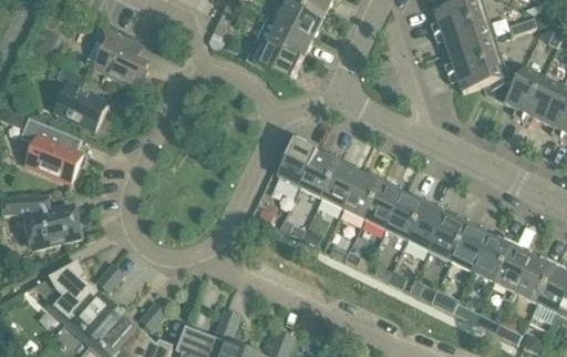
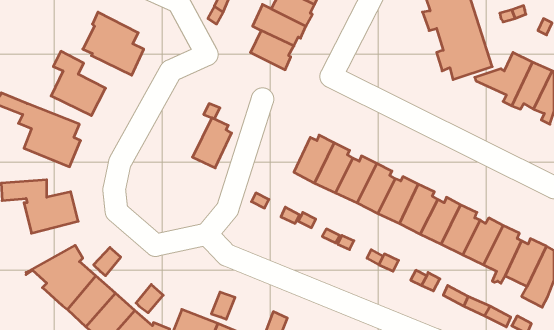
building: [277,136,317,187] -> [192,118,232,168]

